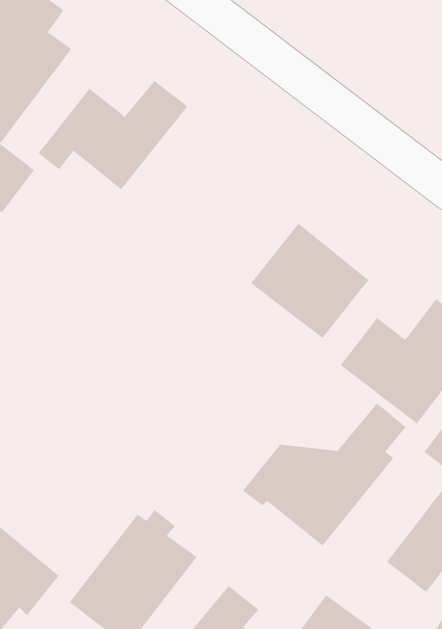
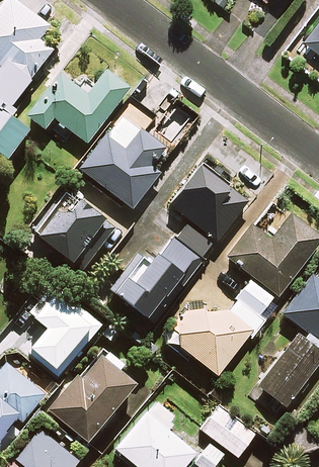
building: none -> [81,114,164,208]
building: none -> [35,192,114,270]
building: none -> [111,224,214,322]
building: none -> [29,290,100,376]

